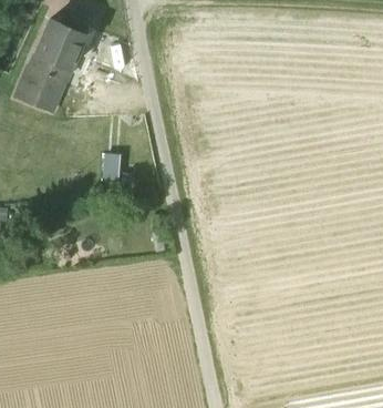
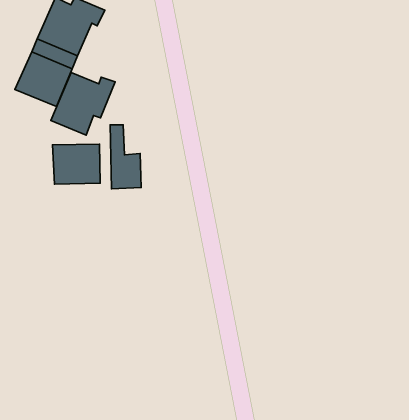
building: none -> [51,72,115,135]
building: none -> [53,144,100,184]

